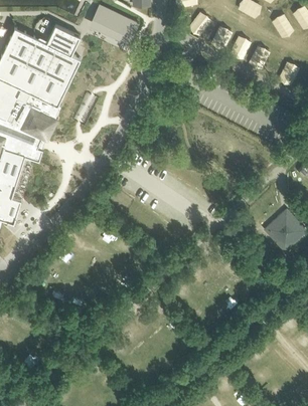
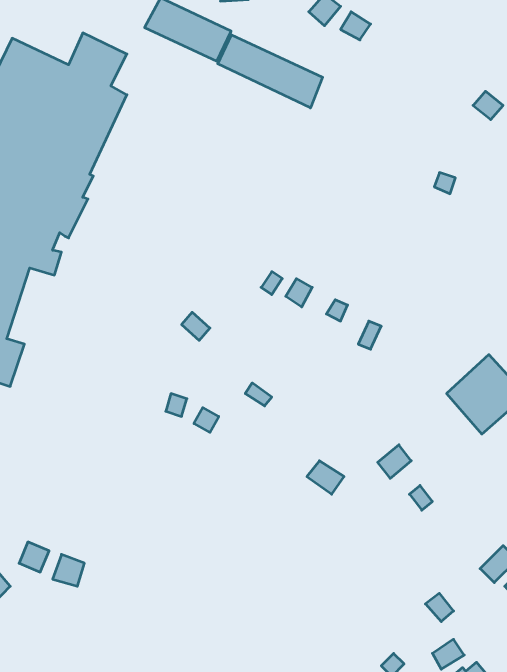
building: none -> [218,35,323,108]

